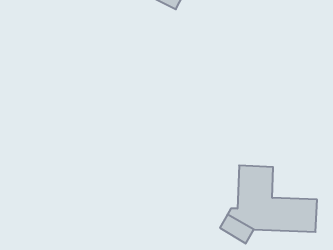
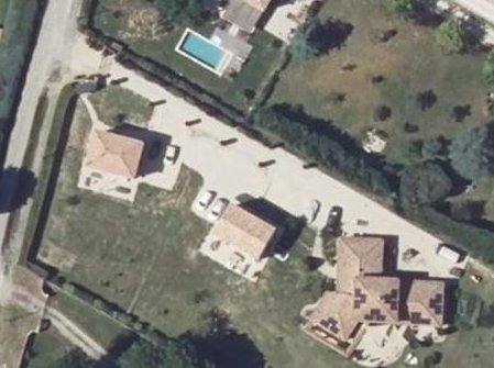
building: none -> [85,129,146,180]
building: none -> [211,200,277,260]

